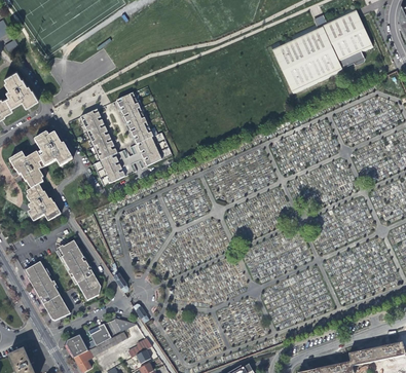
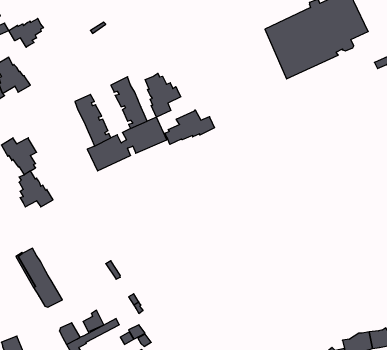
building: none -> [9,18,43,47]
building: none -> [145,73,181,117]
building: none -> [165,110,214,144]
building: [34,133,72,166] -> none
building: [60,239,101,298] -> none

